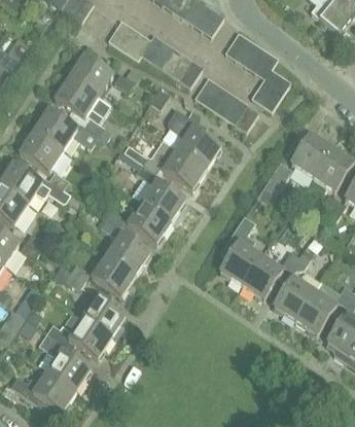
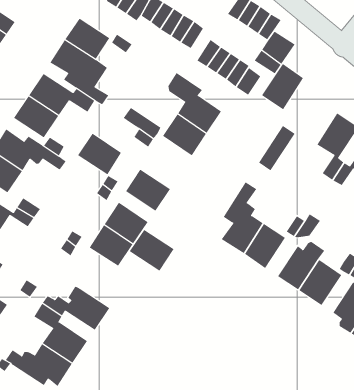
building: [290,133,331,178] -> [261,63,304,110]
building: [141,180,184,221] -> [77,133,122,175]
building: [82,295,127,336] -> [129,229,175,272]

